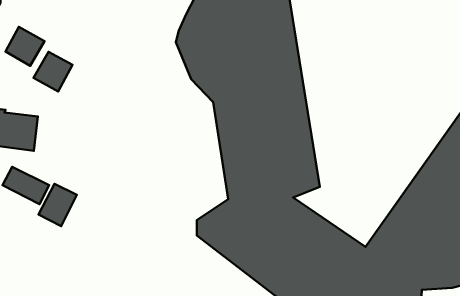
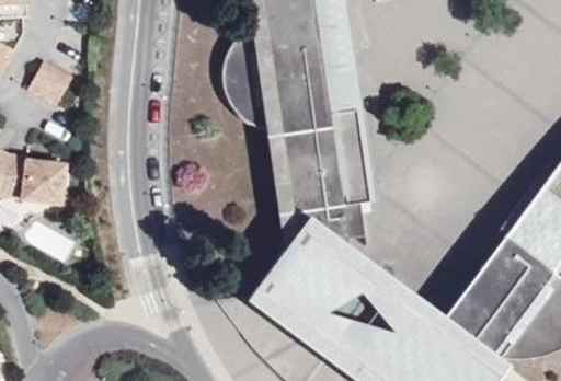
building: [34,52,72,92] -> none
building: [38,184,77,226] -> none

